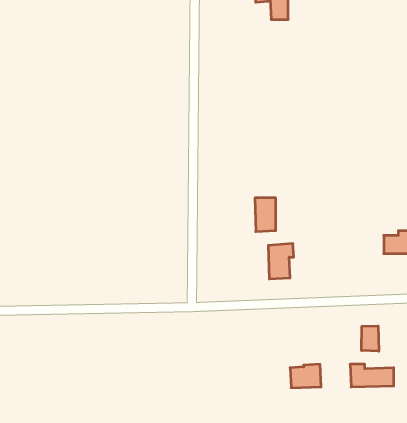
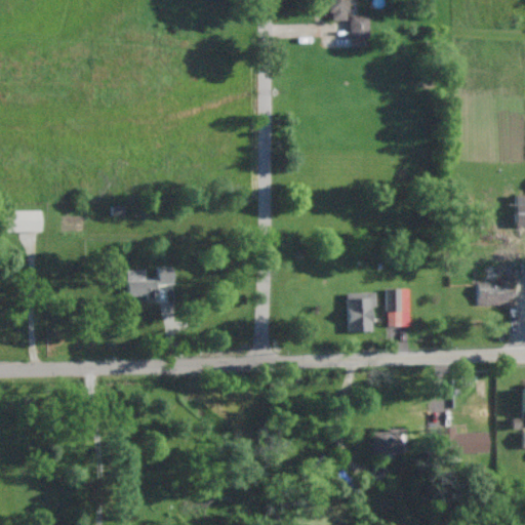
building: [255,198,276,232] -> [387,289,410,327]
building: none -> [128,268,175,301]
building: [362,326,379,351] -> none

